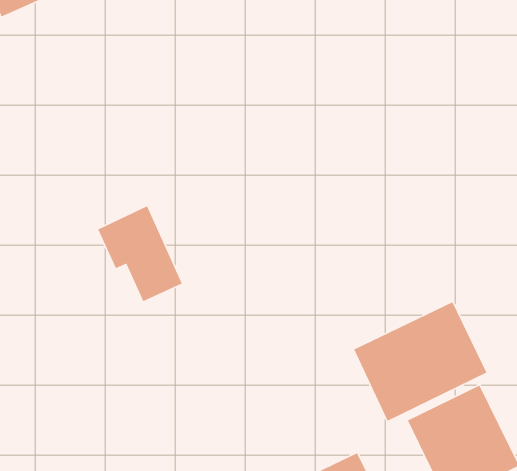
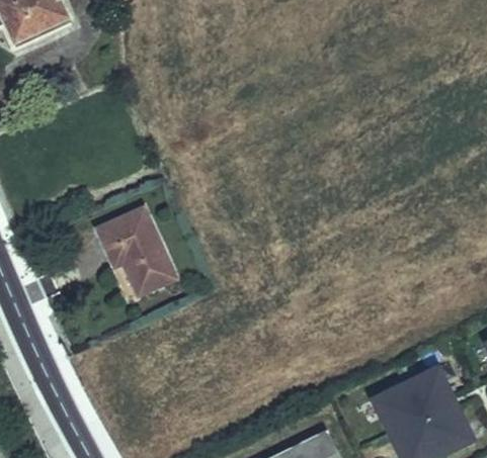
building: [353,301,488,422] -> none

